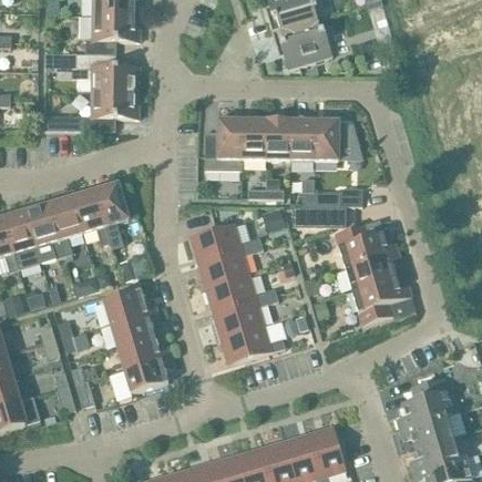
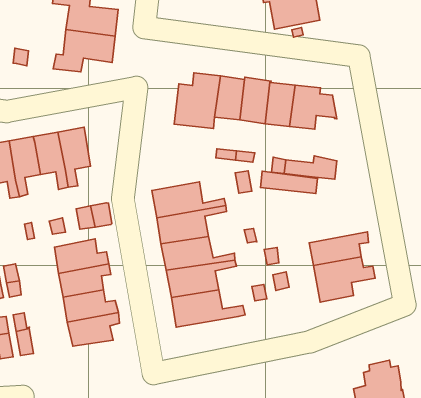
building: [332,219,399,269] -> none

